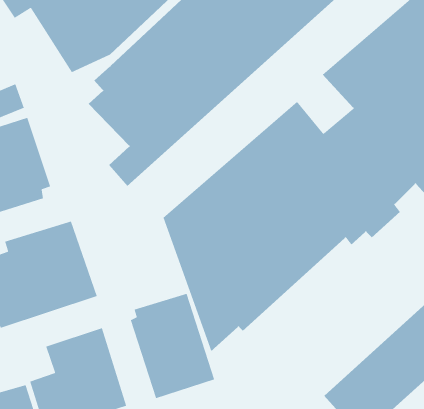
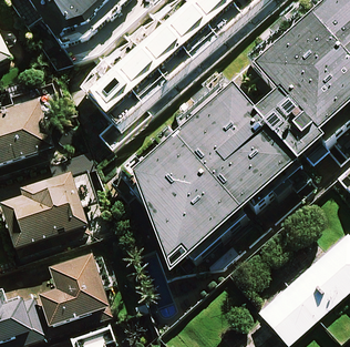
building: [130,293,215,399] -> none

